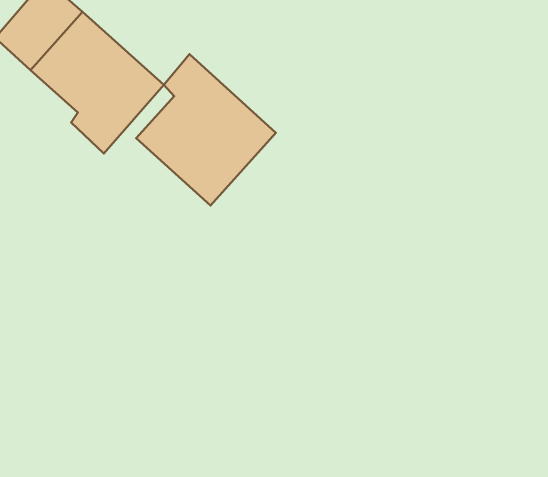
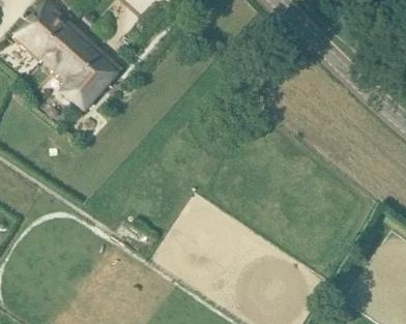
building: [136,54,276,206] -> none

